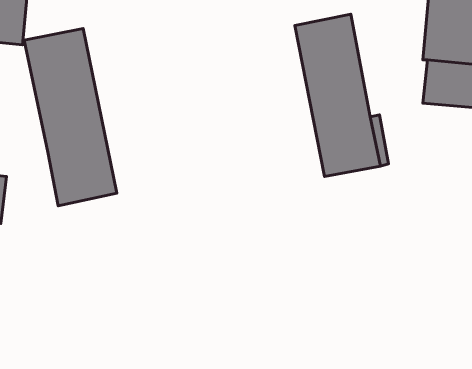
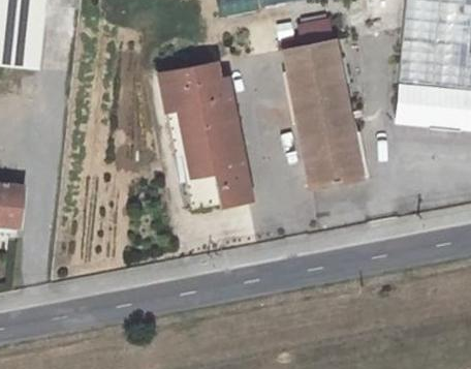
building: [24,28,117,206] -> none
building: none -> [160,62,250,209]

